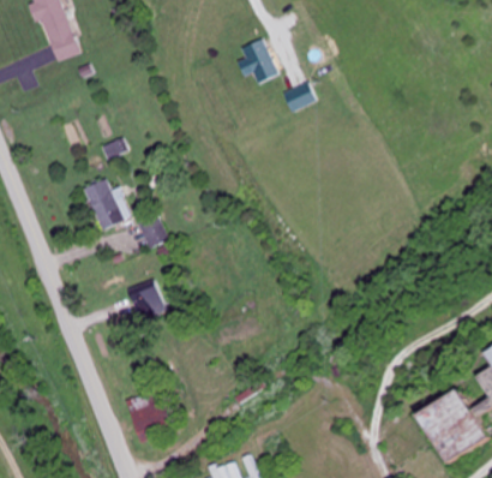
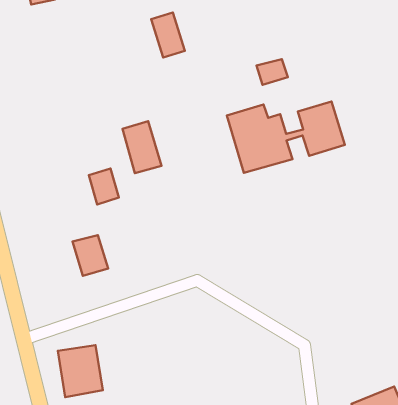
building: [240,37,277,83] -> [151,12,185,58]
building: none -> [227,101,345,173]
building: [82,177,125,229] -> [123,121,162,173]

